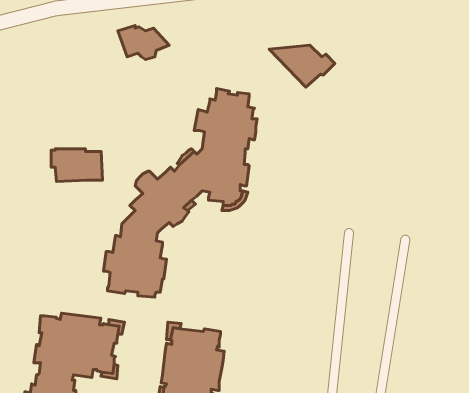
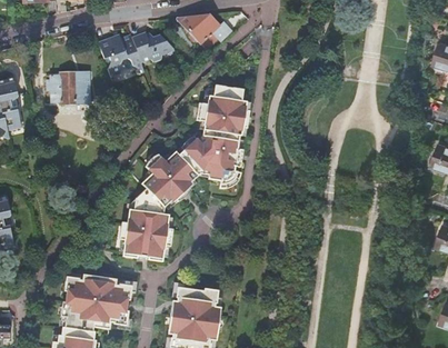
building: none -> [98,33,145,76]
building: [269,45,335,87] -> [176,14,231,50]
building: [51,149,102,182] -> [47,74,90,102]

